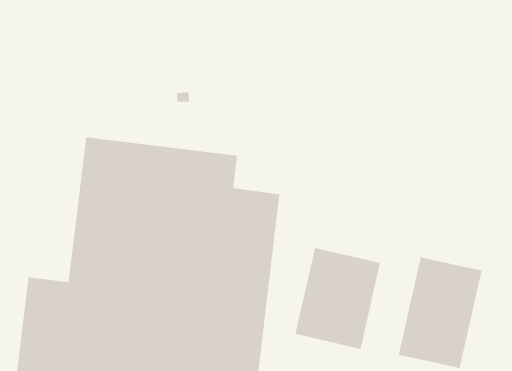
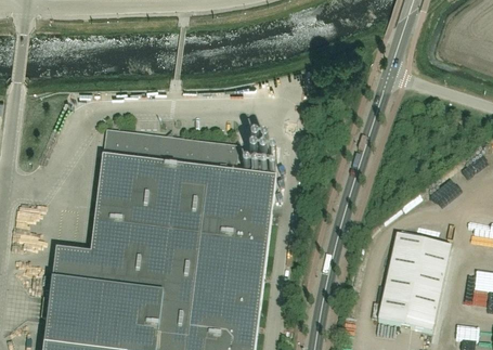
building: [295,247,381,350] -> none

